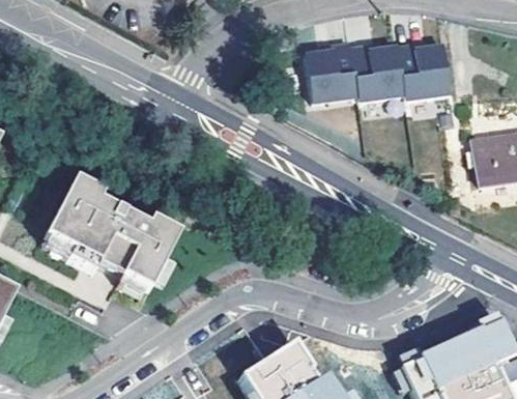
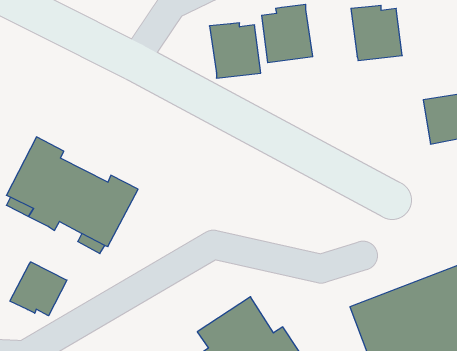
building: [352,42,405,99] -> [209,23,261,78]
building: none -> [10,262,67,316]

